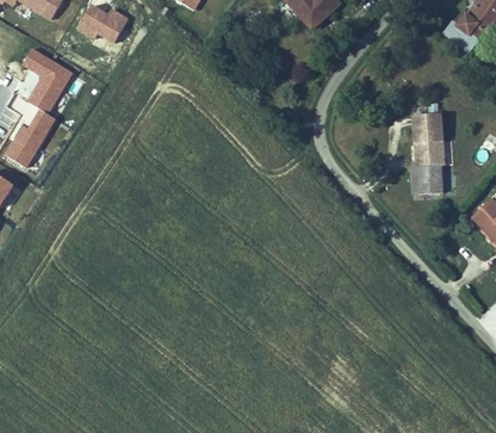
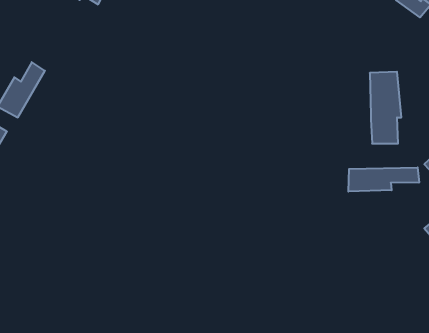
building: [23,45,72,110] -> none
building: none -> [348,167,419,192]

